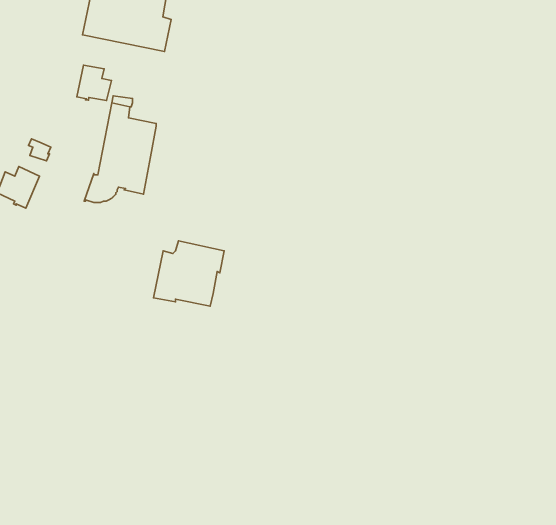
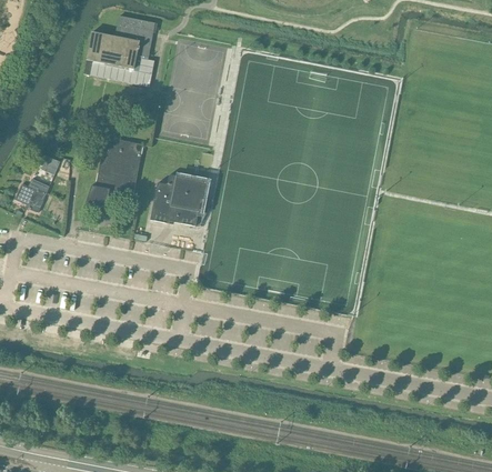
building: [77,65,111,101] -> none
building: [153,241,224,306] -> [151,174,208,227]

